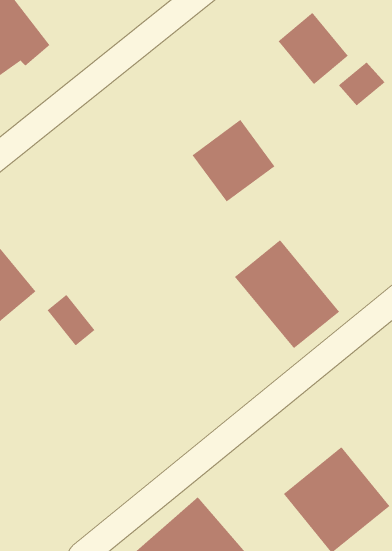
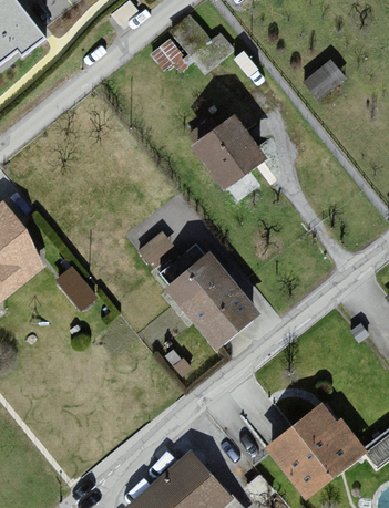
building: [278,12,349,85] -> none
building: [234,239,340,349] -> [164,250,258,348]

